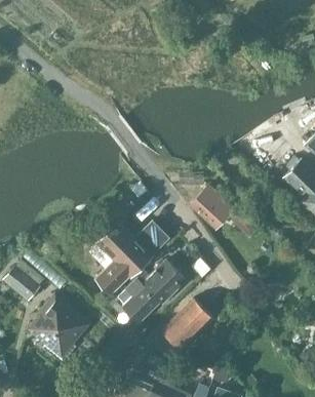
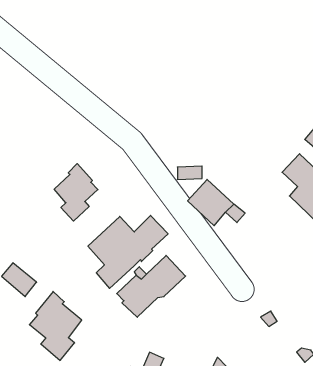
building: none -> [54,164,98,221]
building: [161,300,212,351] -> none

